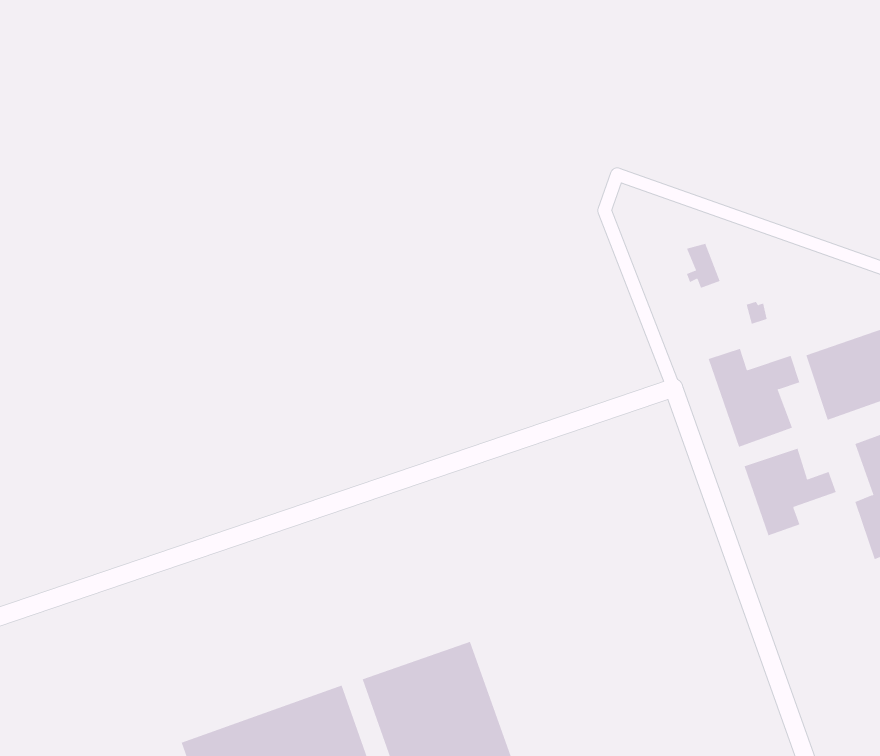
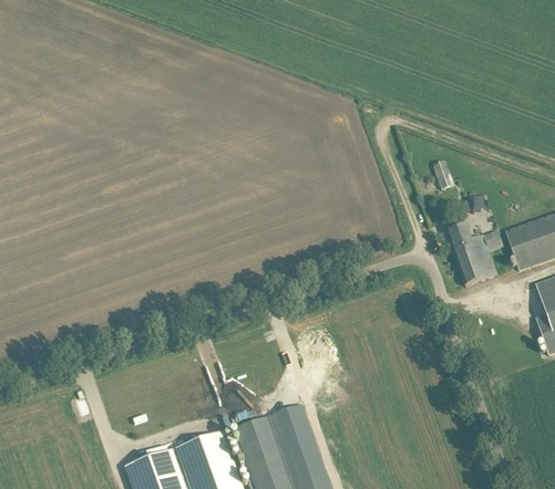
building: [744,448,836,536] -> none

